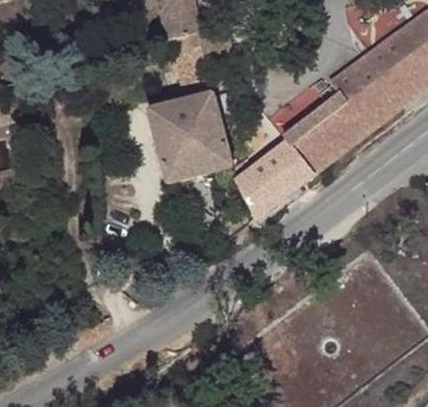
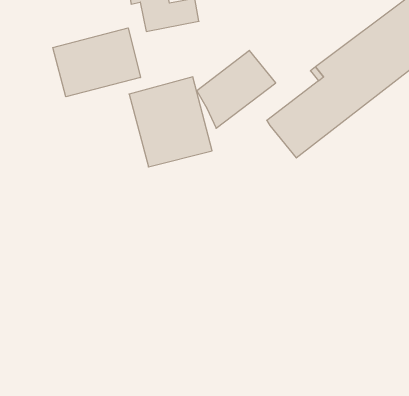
building: none -> [53,28,140,97]
building: [235,132,313,209] -> [197,50,276,128]

